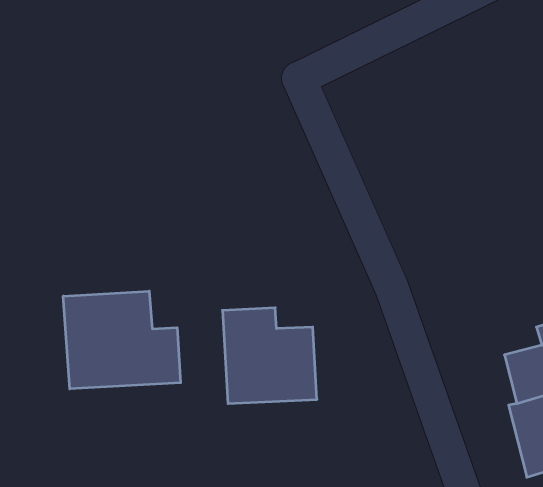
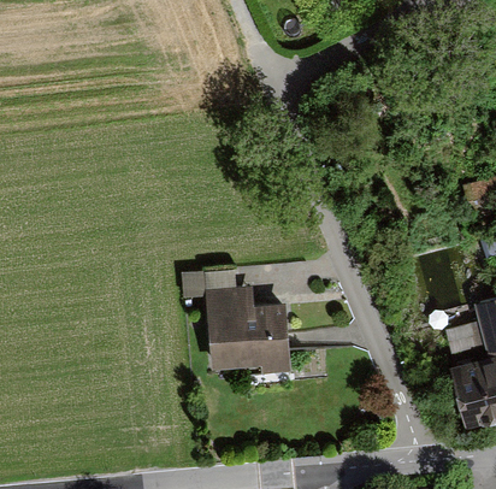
building: [63,291,181,389] -> none

